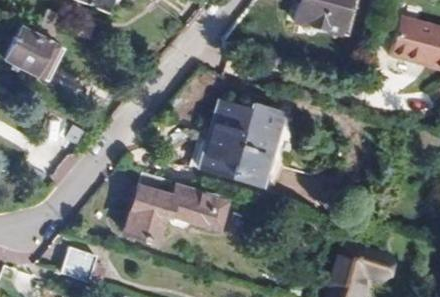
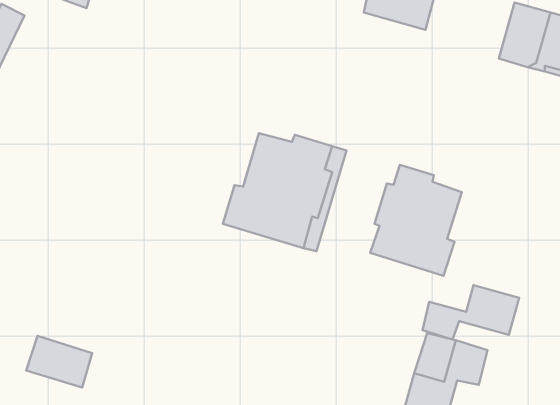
building: none -> [370,165,462,276]
building: [125,173,225,244] -> none
building: none -> [422,285,519,339]

